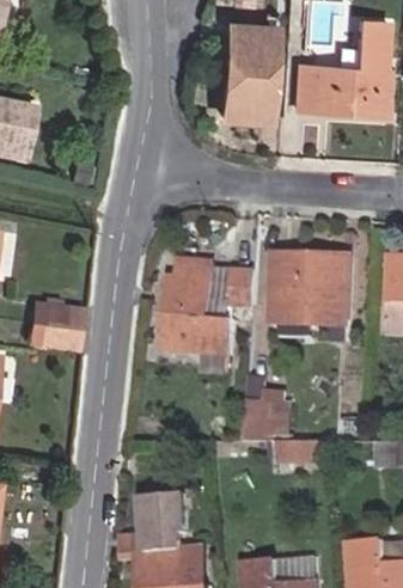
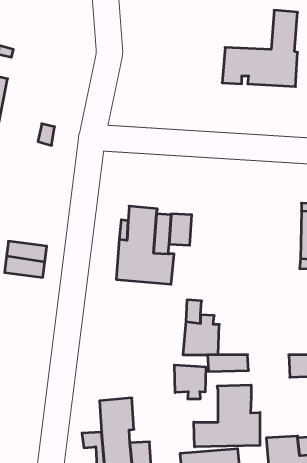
building: [220,25,270,120] -> none
building: [275,253,352,342] -> none
building: none -> [174,365,206,399]
building: none -> [194,385,260,447]

